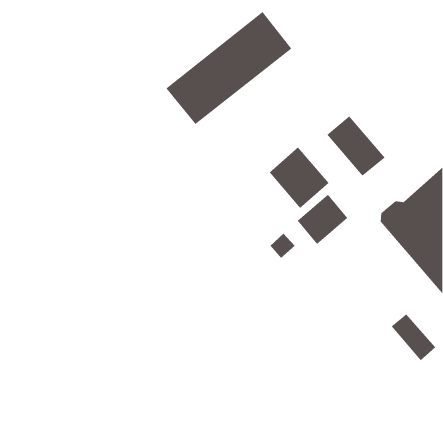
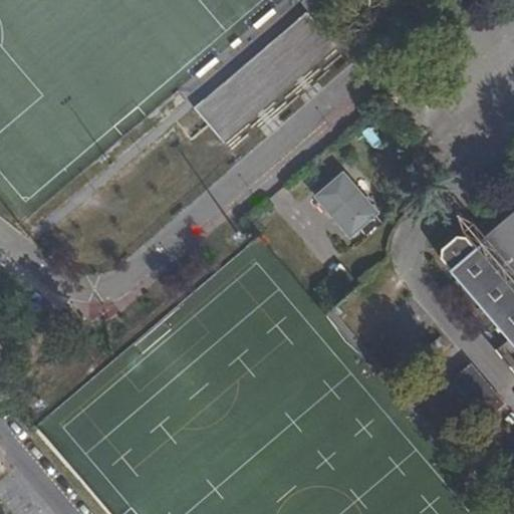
building: [326,116,385,177] -> none
building: [297,194,348,245] -> none

